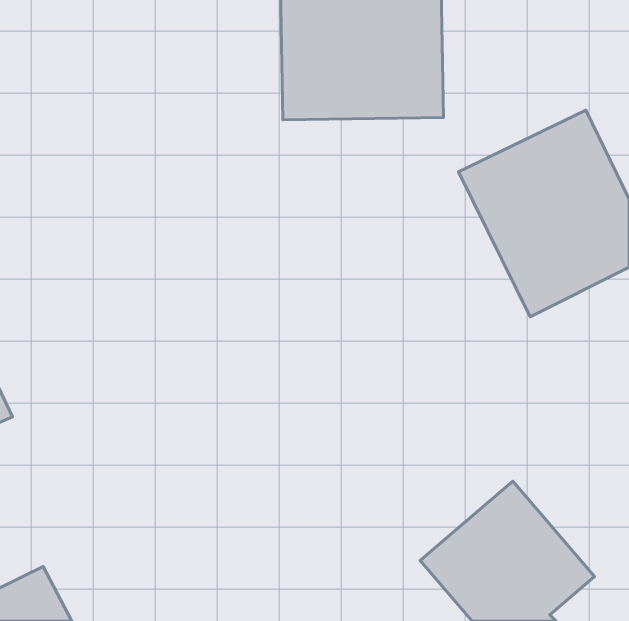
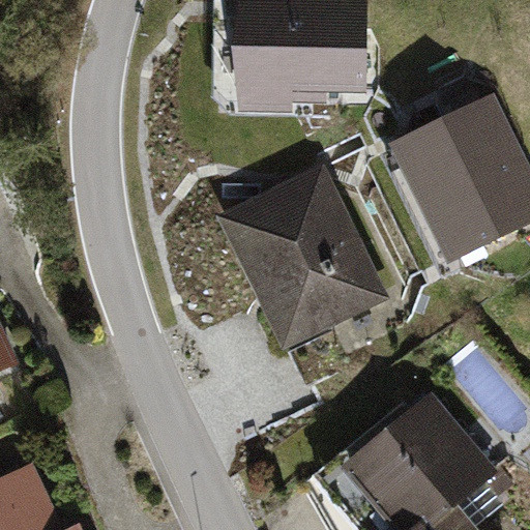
building: none -> [224,166,384,341]

